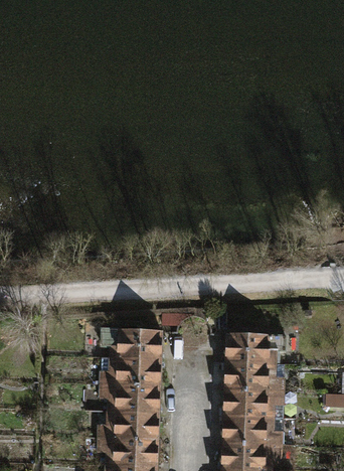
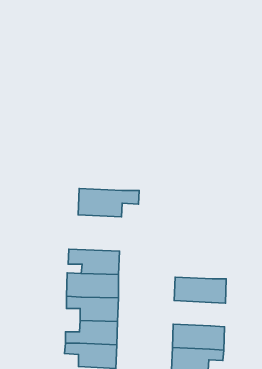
building: none -> [78,188,139,217]
building: [225,334,285,364] -> none
building: [223,389,284,420] -> none

